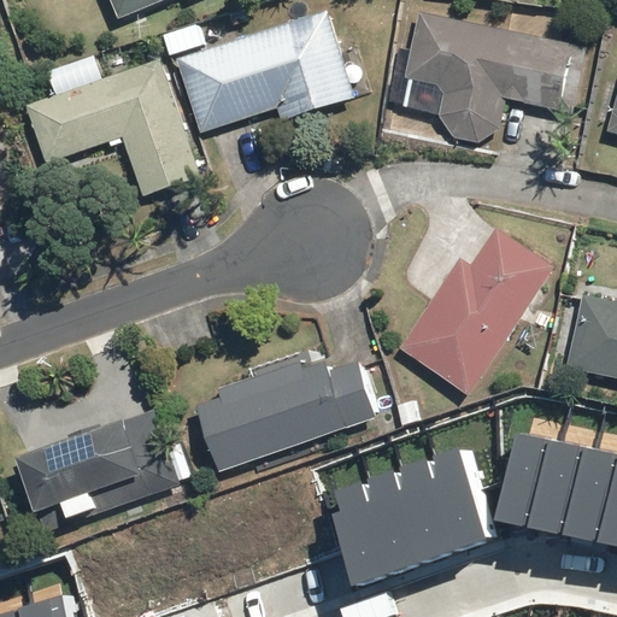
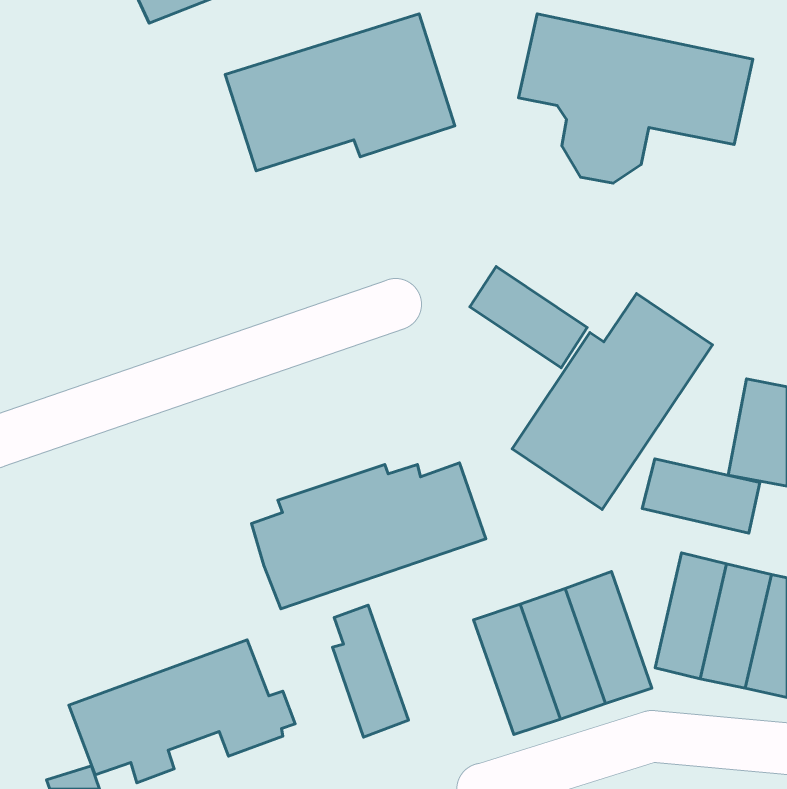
building: [24,54,198,196] -> none
building: none -> [470,267,587,368]
building: none -> [642,459,760,533]
building: [14,410,190,521] -> [69,640,295,783]
building: [340,481,399,583] -> [333,605,409,737]

